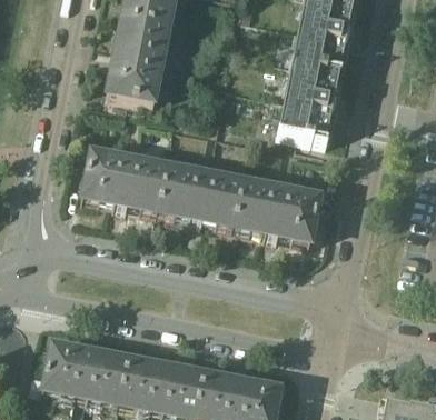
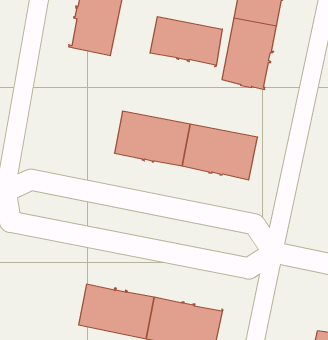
building: none -> [150,17,222,67]
building: [82,147,168,209] -> none
building: [43,339,128,401] -> none

